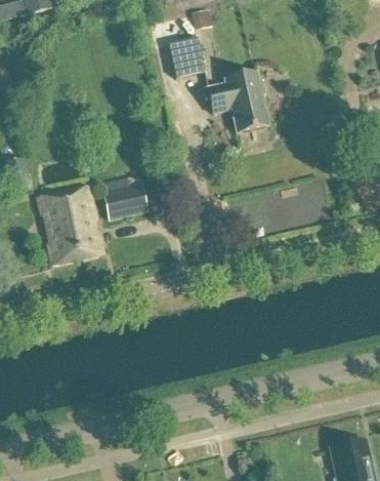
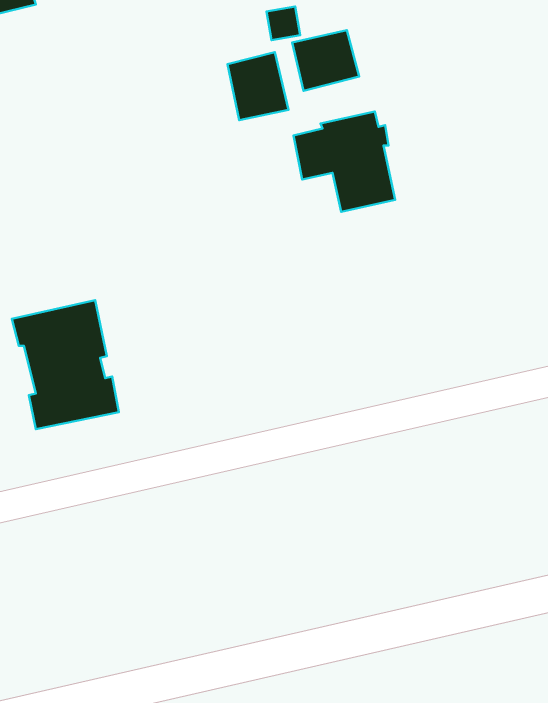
building: none -> [292,30,359,91]
building: [102,184,147,218] -> none

